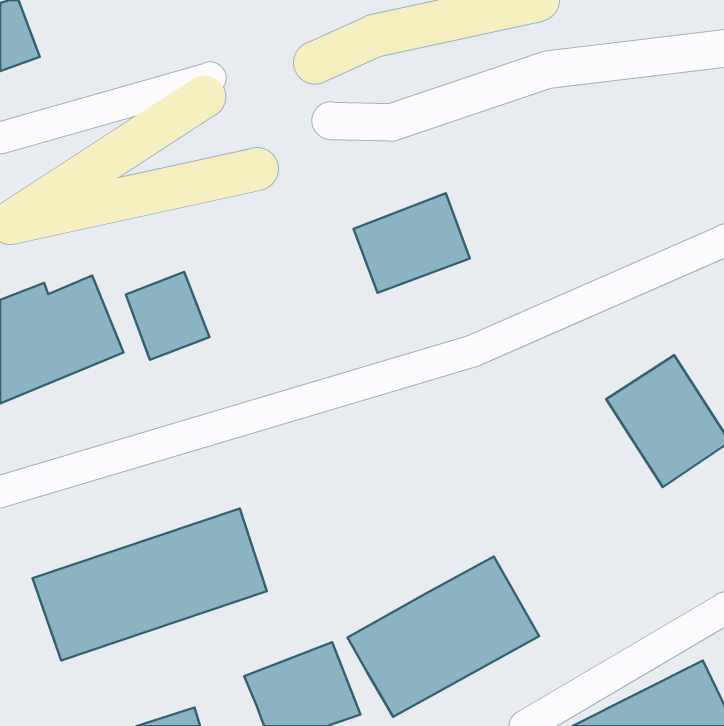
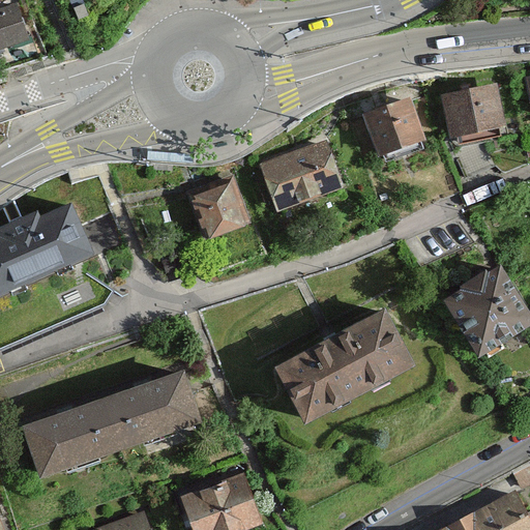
building: none -> [440,83,502,137]
building: none -> [364,99,423,163]
building: [126,272,210,360] -> [186,178,247,242]
building: [348,556,539,717] -> [274,307,414,424]

